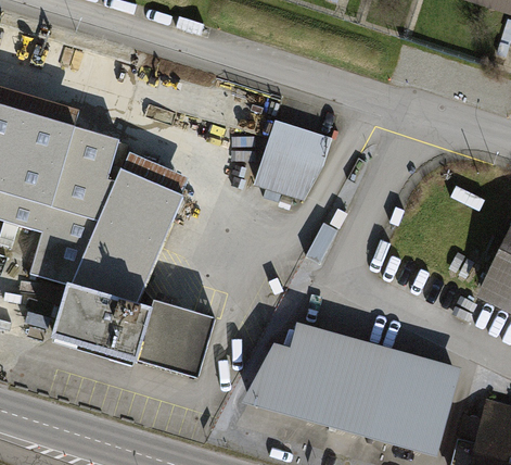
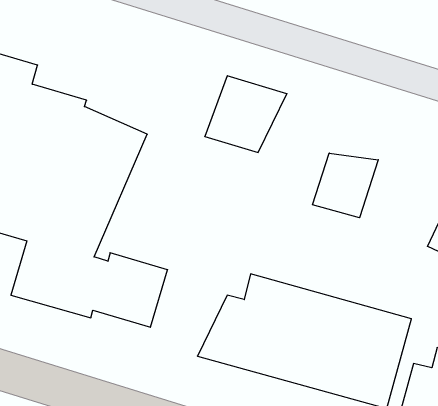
building: none -> [312,153,378,218]

